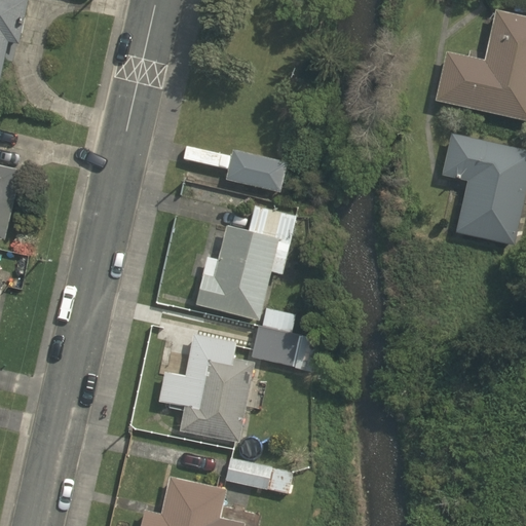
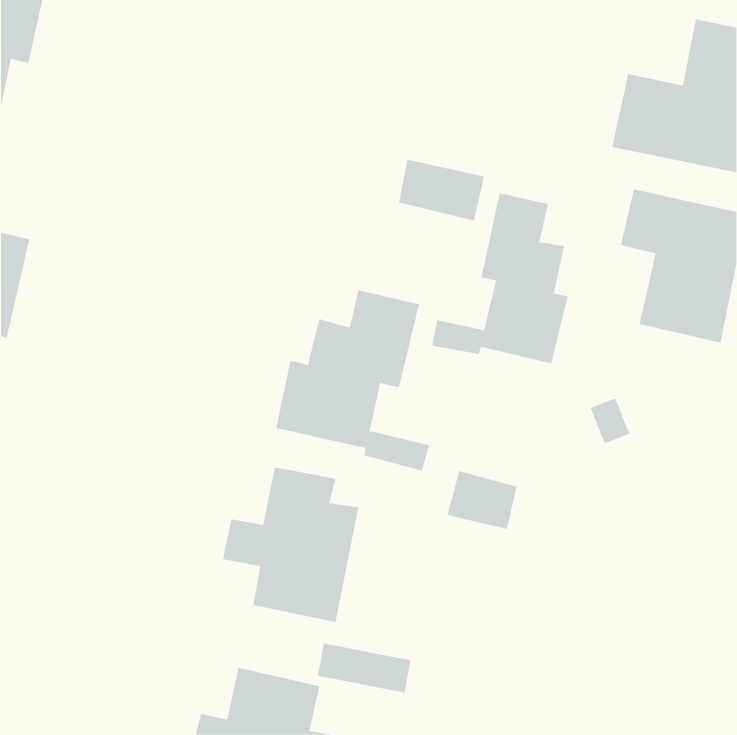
building: none -> [432,192,568,364]
building: [227,150,289,194] -> [398,159,485,221]
building: [251,325,301,367] -> [447,470,518,530]

